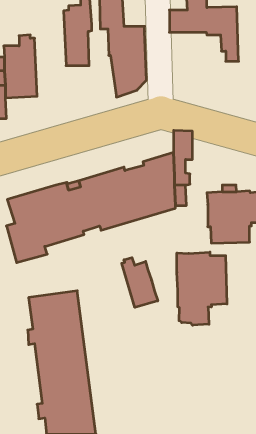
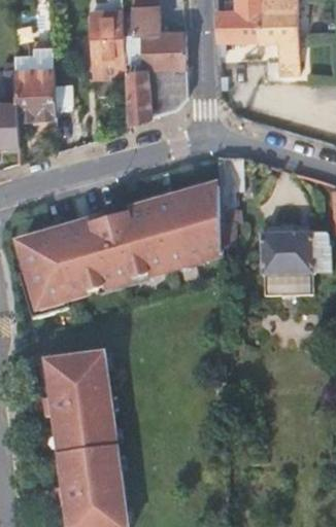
building: none -> [122,45,152,125]
building: [177,252,227,325] -> none
building: [122,258,158,307] -> none

